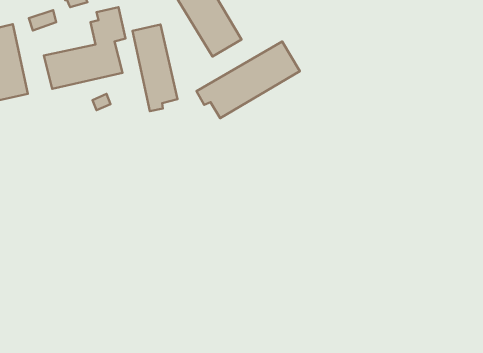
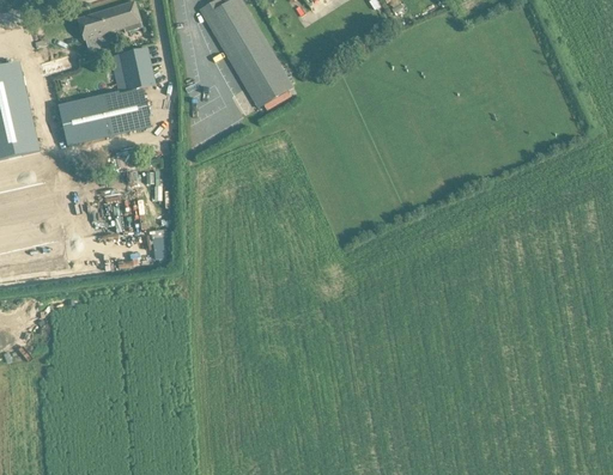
building: [132,24,177,111] -> none
building: [196,42,300,118] -> none

